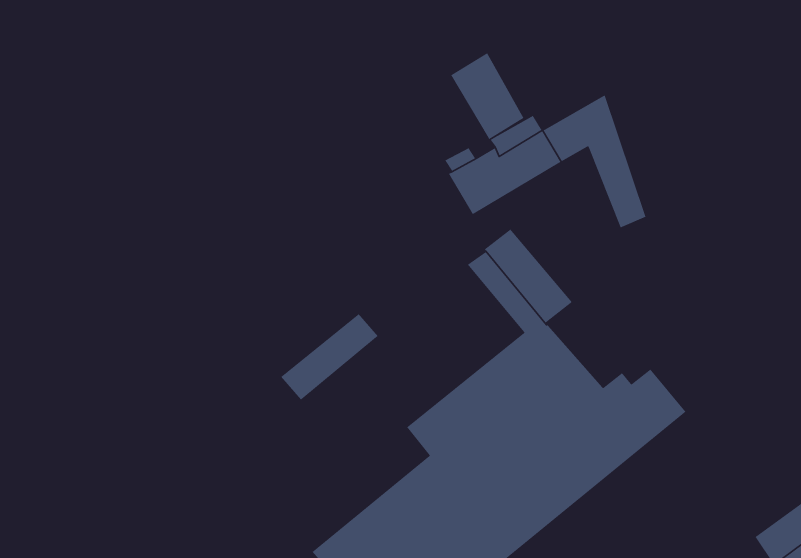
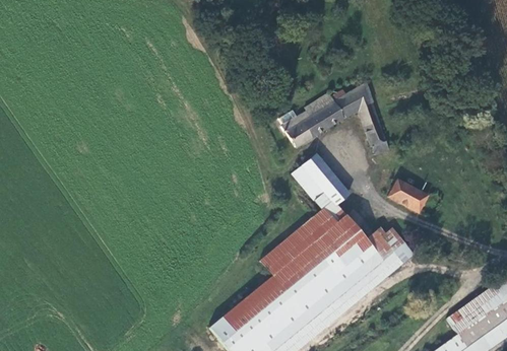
building: [450,52,525,140] -> none
building: none -> [389,180,429,213]
building: [280,313,379,401] -> none

